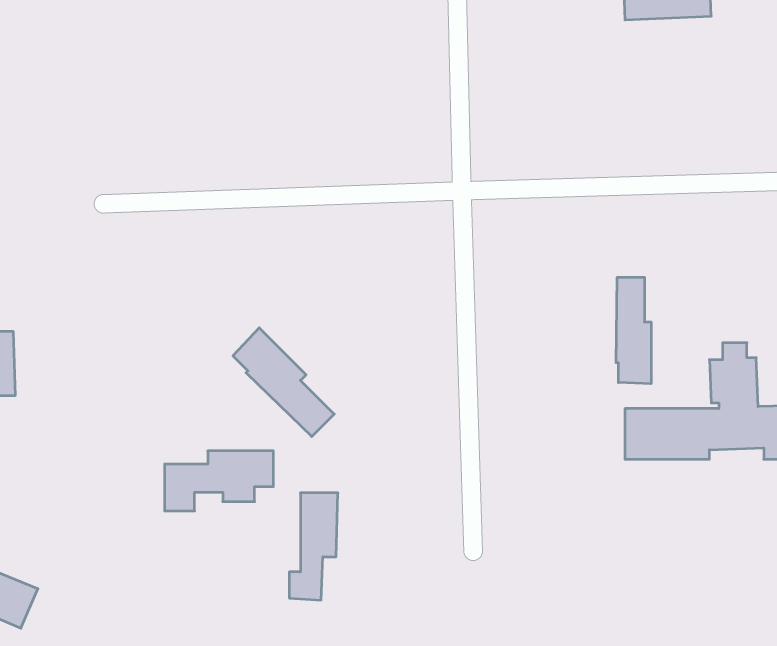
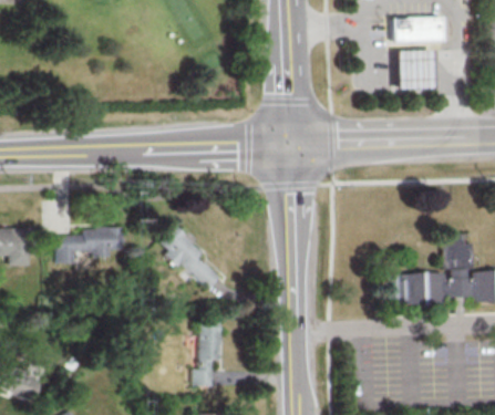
building: none -> [395,49,434,86]
building: [616,277,651,384] -> none
building: [165,451,273,511] -> [59,228,123,263]

